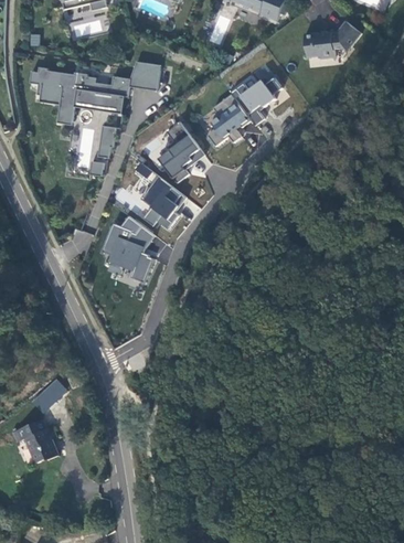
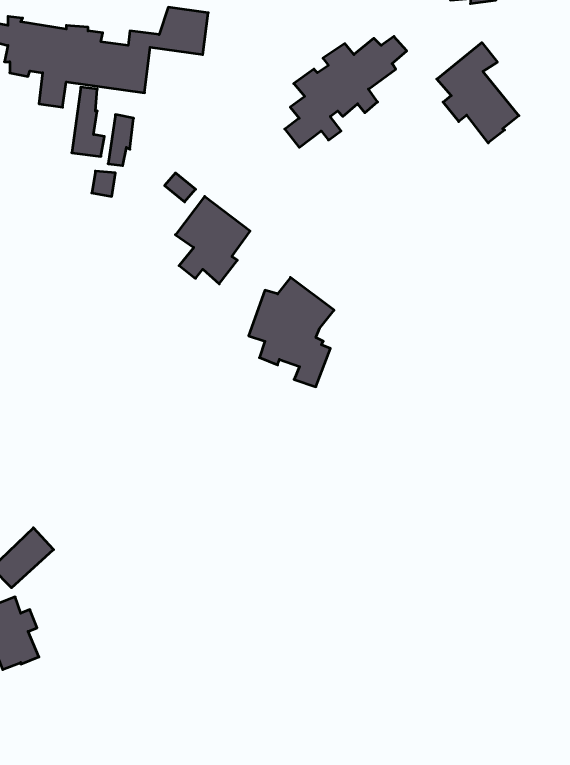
building: none -> [437,43,519,143]
building: [159,121,204,182] -> none
building: [103,215,155,281] -> [249,277,334,387]

